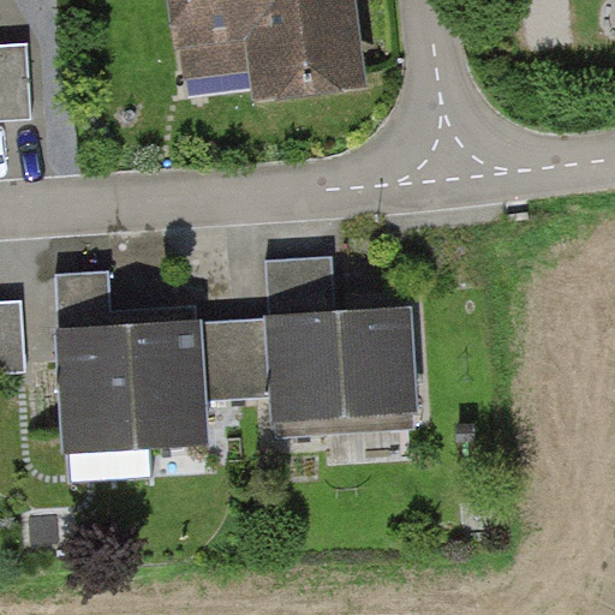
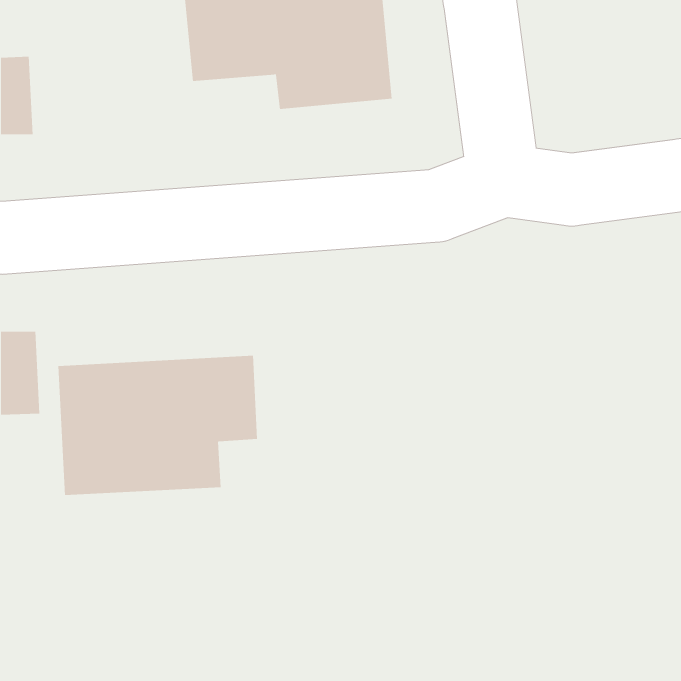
building: [229,310,416,434] -> none

